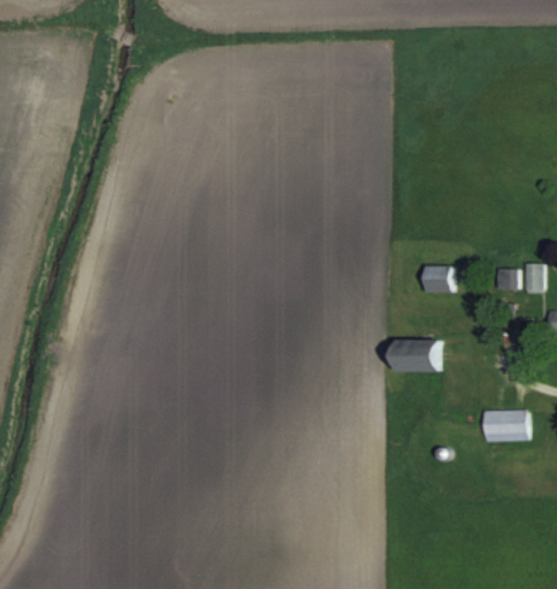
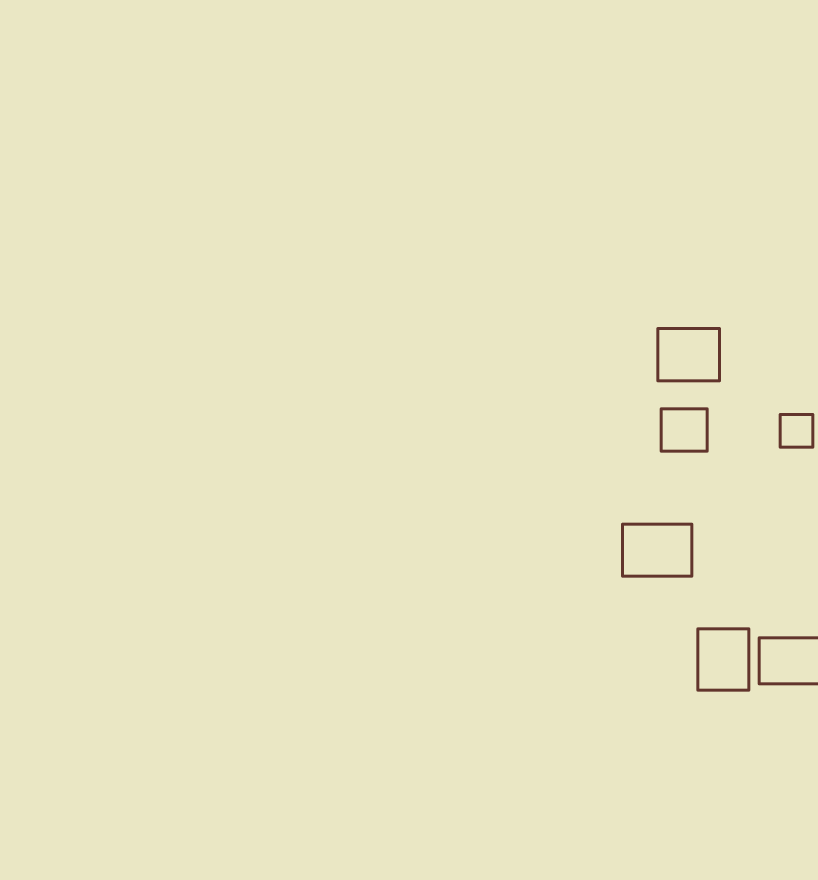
building: none -> [658,328,720,381]
building: none -> [698,629,749,690]

